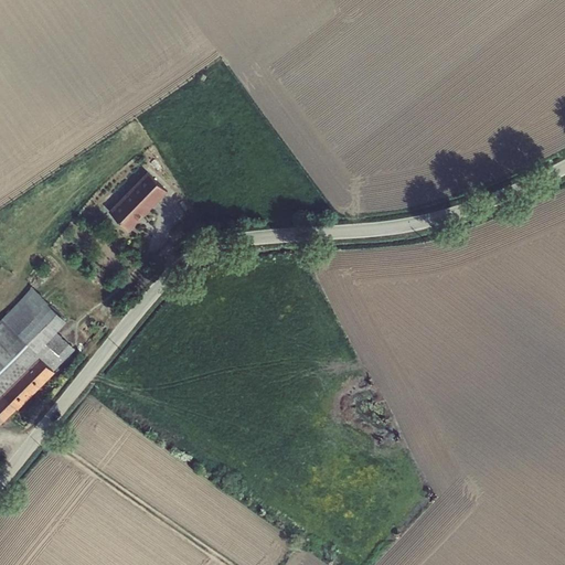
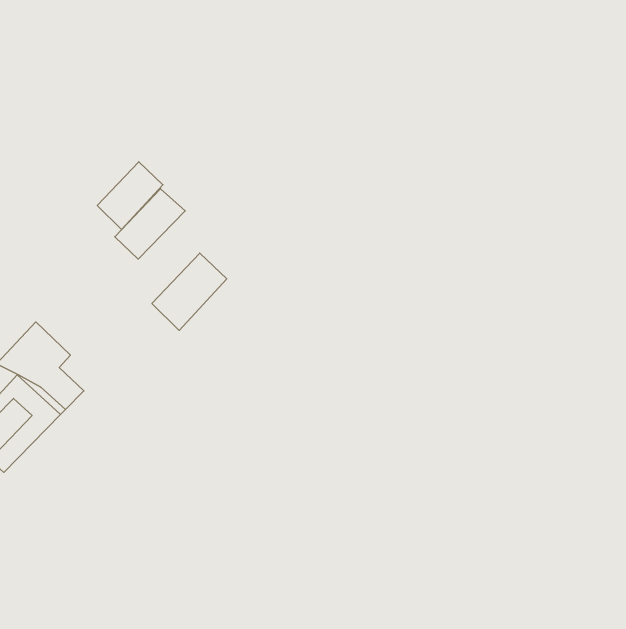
building: none -> [97,162,163,230]
building: none -> [152,253,227,330]

